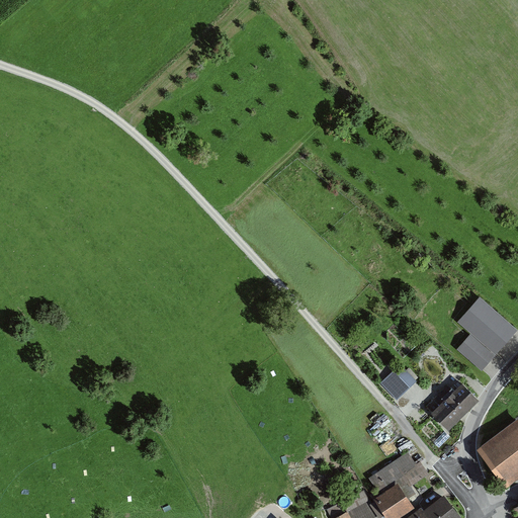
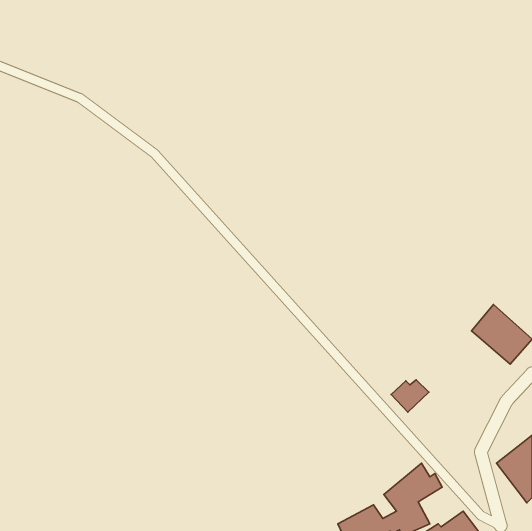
building: [456,335,495,371] -> none
building: [424,383,476,429] -> none

